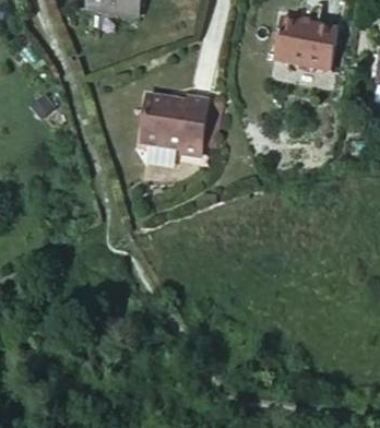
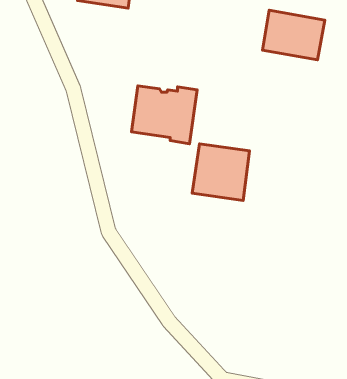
building: none -> [192,144,250,200]

